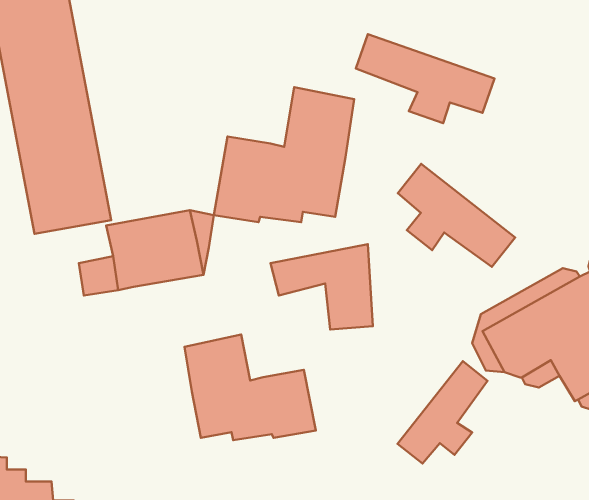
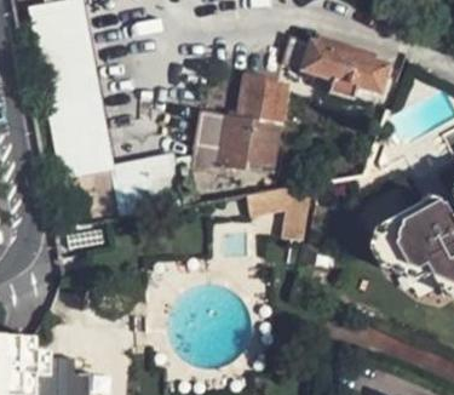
building: [398,164,515,267] -> none
building: [184,335,316,440] -> none
building: [398,361,488,463] -> none

